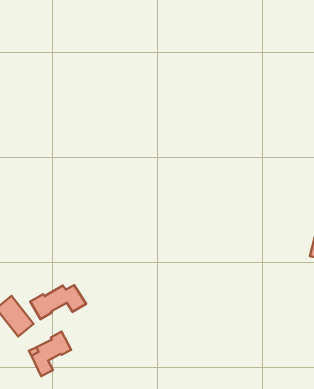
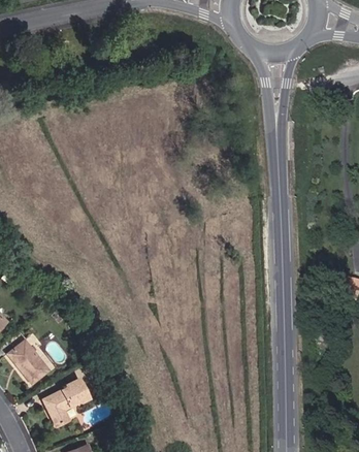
building: [30,285,86,319] -> none

